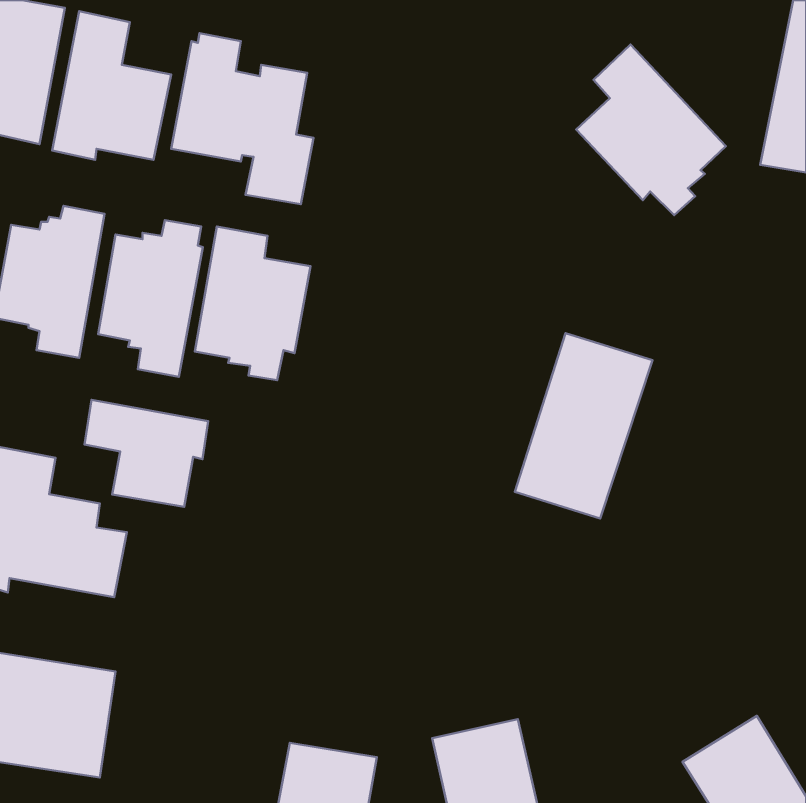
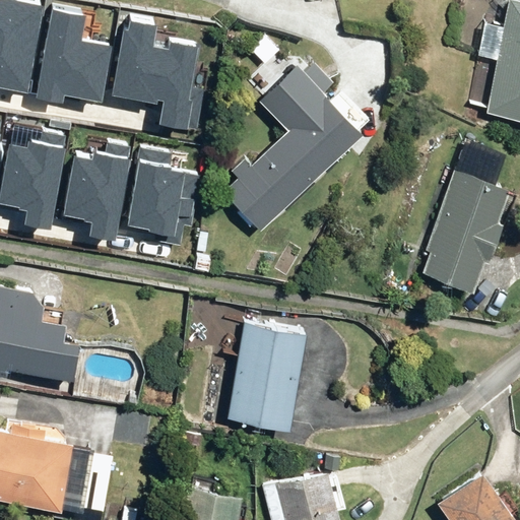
building: [576,45,726,215] -> none
building: none -> [225,63,367,226]
building: [515,333,652,519] -> [421,169,510,287]
building: [84,400,208,507] -> none
building: none -> [230,328,302,431]

